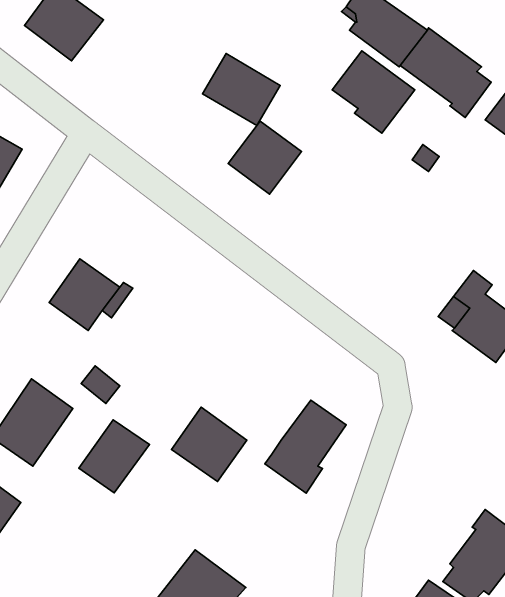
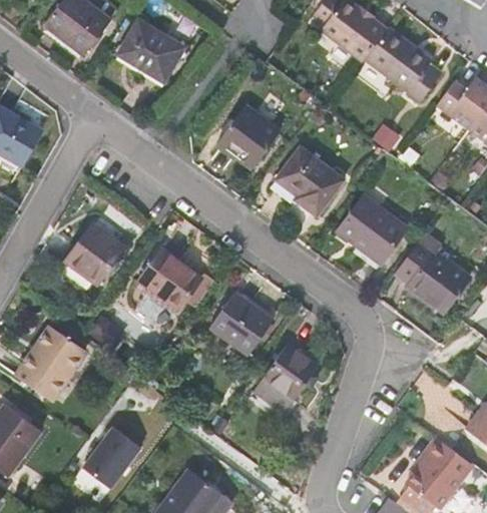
building: [332,51,415,133] -> [275,146,345,216]
building: [203,54,280,125] -> [118,20,184,81]
building: none -> [337,195,410,266]
building: none -> [139,248,201,309]
building: [172,407,247,481] -> [209,292,274,355]
building: [79,420,150,493] -> [84,425,144,487]

